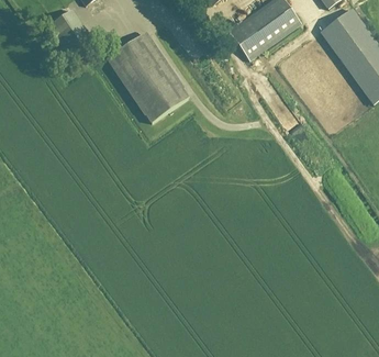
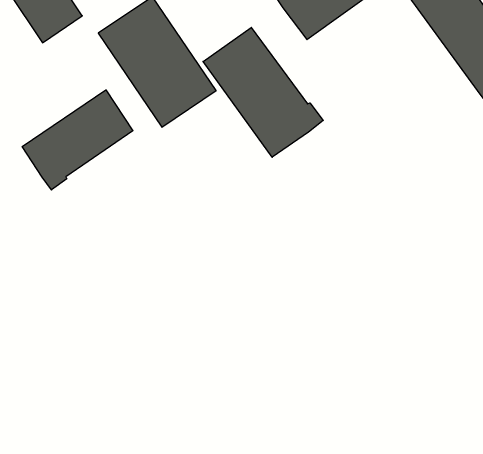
building: none -> [203,27,323,157]
building: none -> [22,90,133,190]

